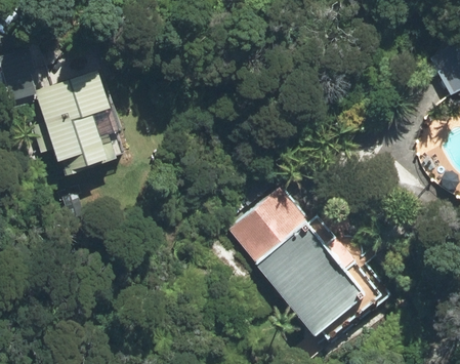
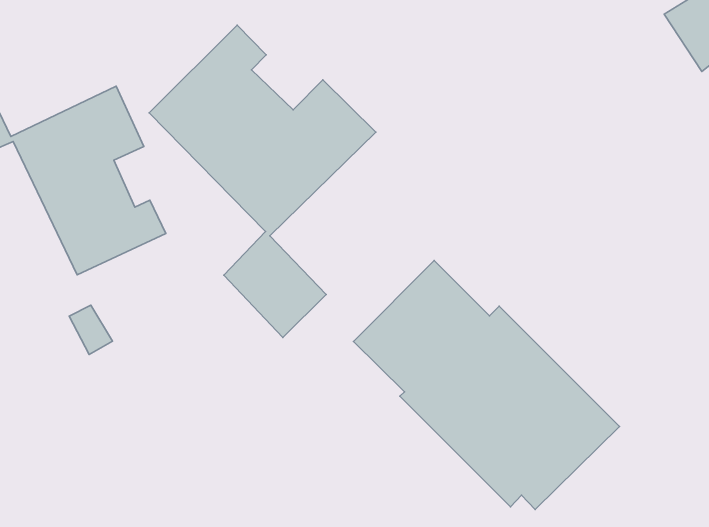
building: none -> [149,25,376,337]

